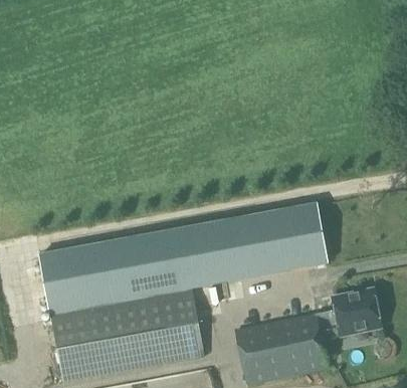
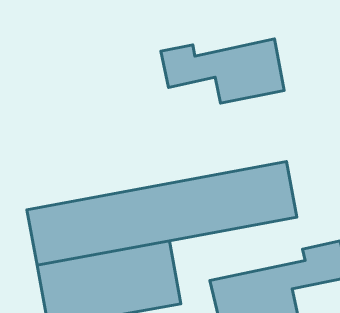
building: none -> [161,39,284,103]

